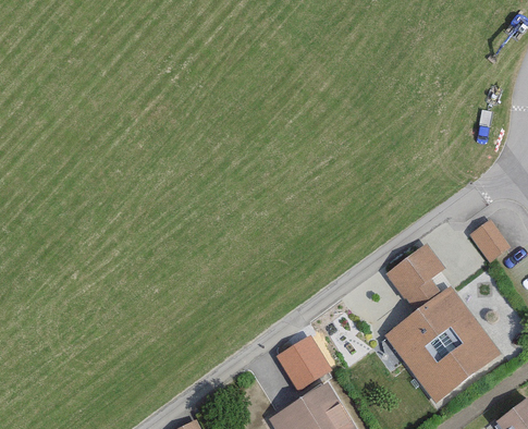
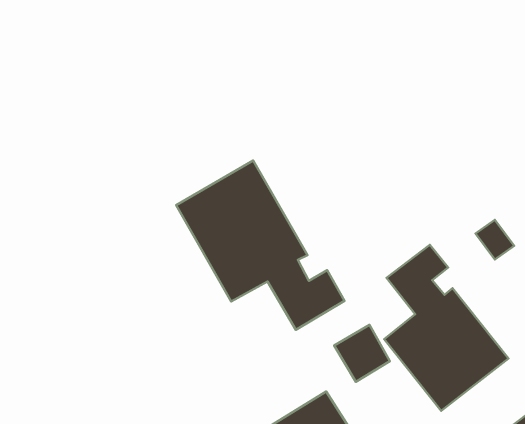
building: none -> [176,160,345,330]
building: [280,334,333,389] -> [334,325,390,382]

